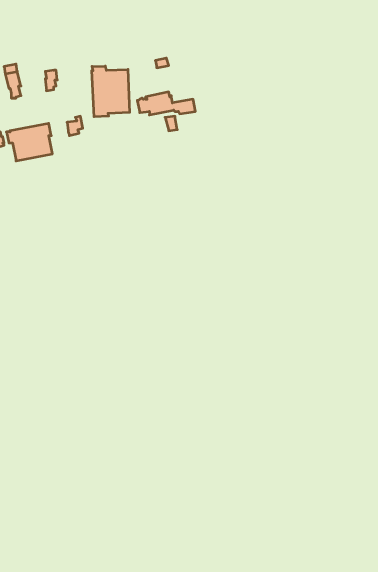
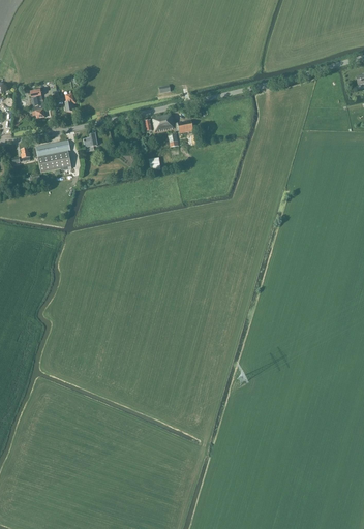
building: [92,66,130,117] -> none

